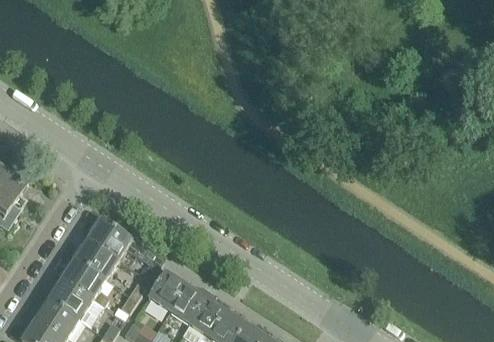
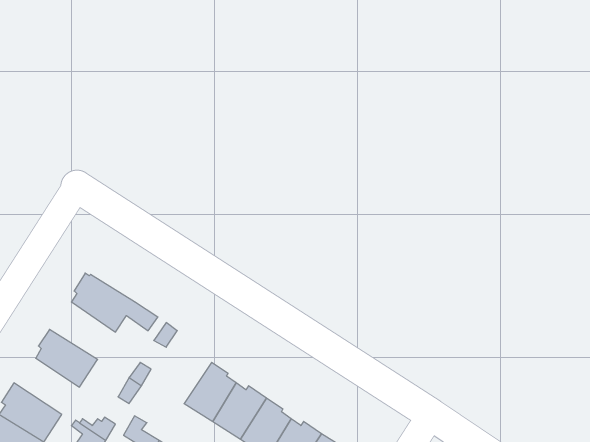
building: [71,238,119,280] -> none
building: [148,270,189,312] -> none
building: [45,279,93,320] -> none

